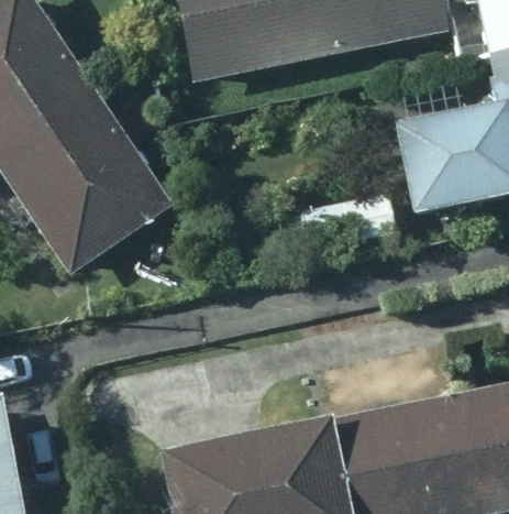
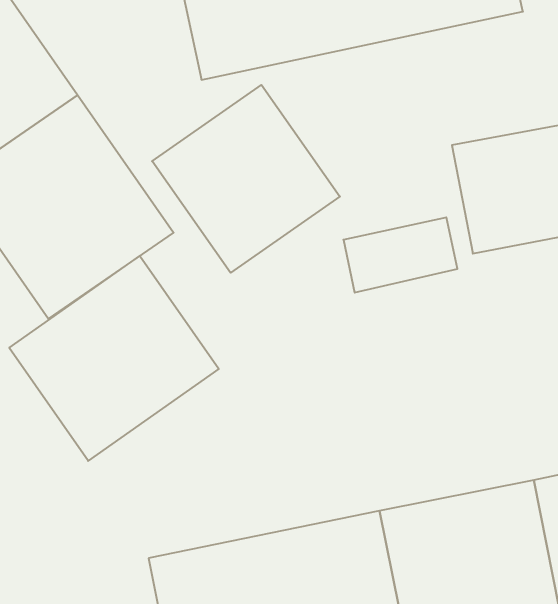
building: none -> [152,85,340,273]
building: none -> [9,256,219,461]

